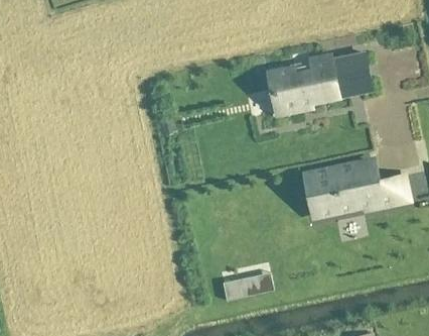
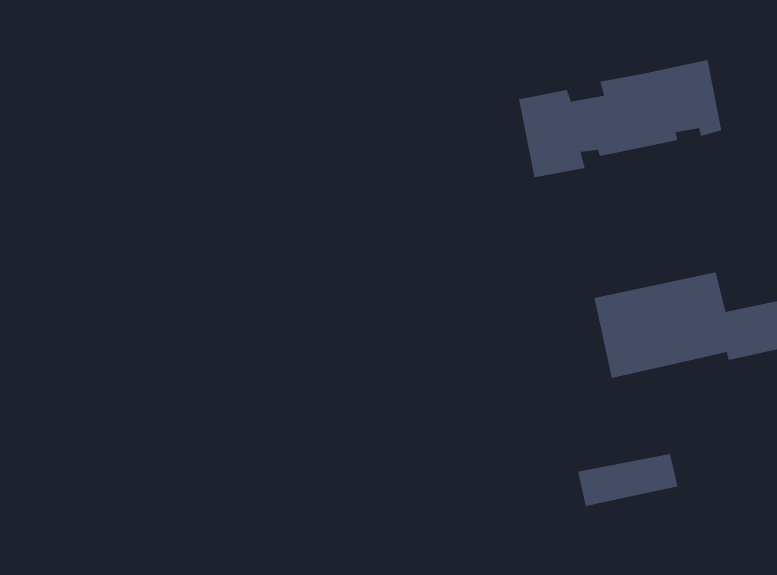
building: [222,272,273,300] -> [577,453,678,507]

